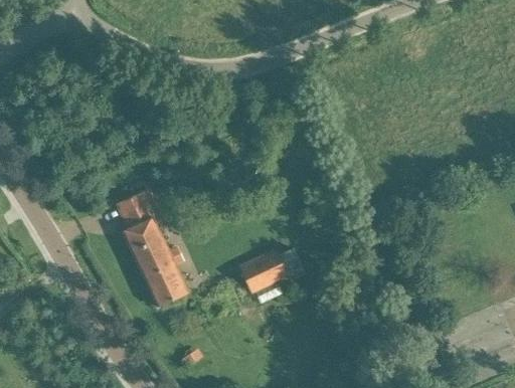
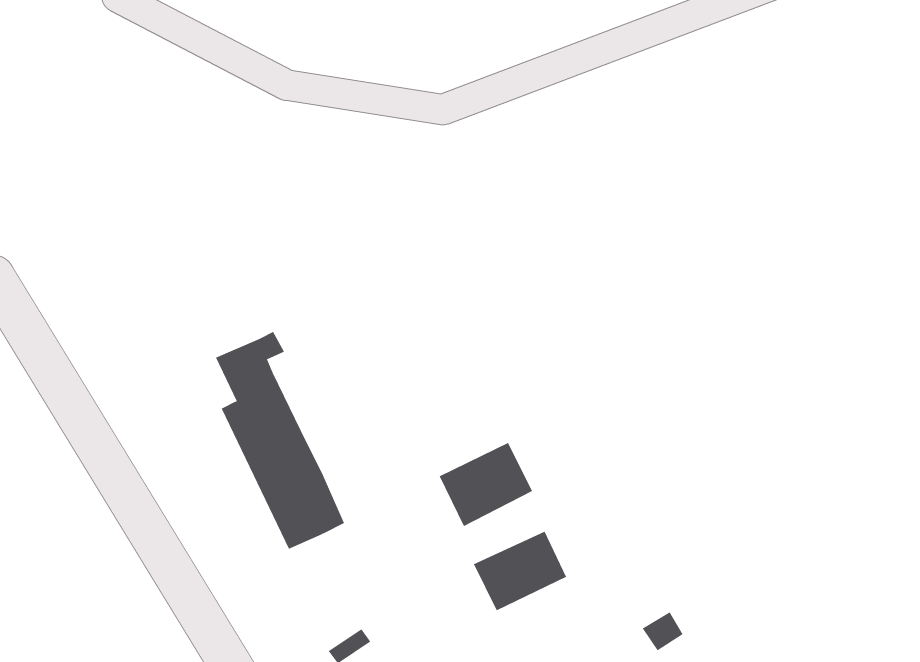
building: none -> [473,531,567,611]

